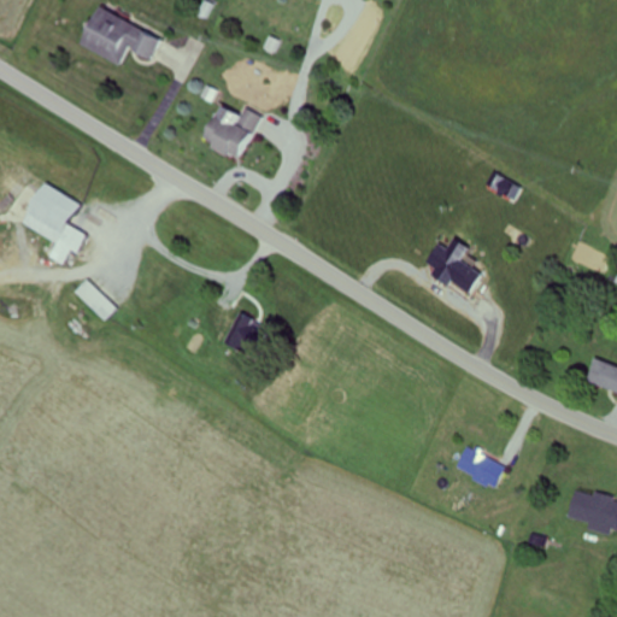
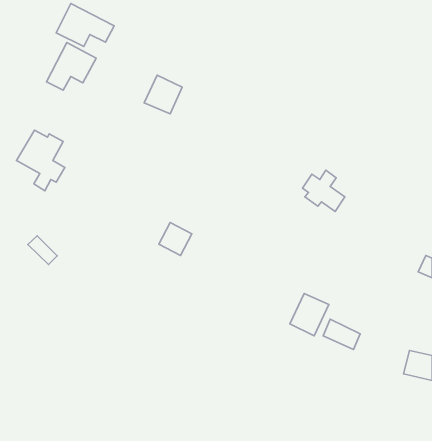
building: none -> [46,43,96,90]
building: [74,280,114,319] -> [28,236,57,264]
building: none -> [290,294,329,336]

